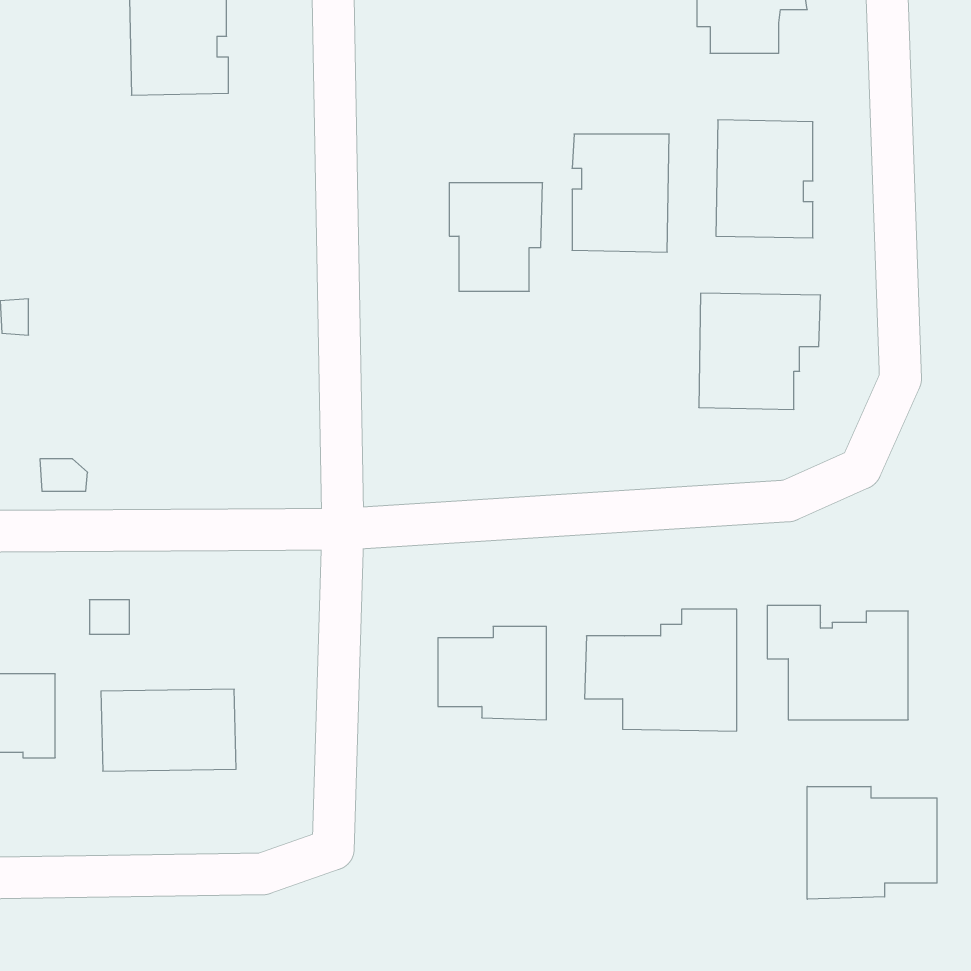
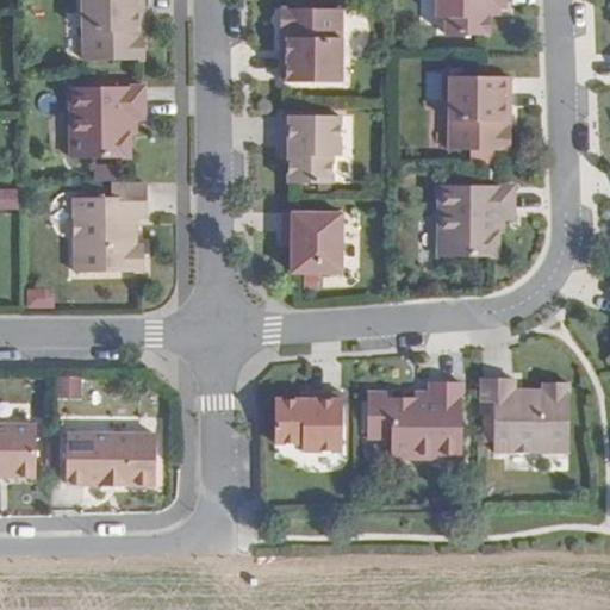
building: [572,134,669,252] -> [280,8,341,82]
building: none -> [69,86,144,157]
building: none -> [73,182,145,272]
building: none -> [282,212,341,272]
building: [807,786,937,899] -> none

